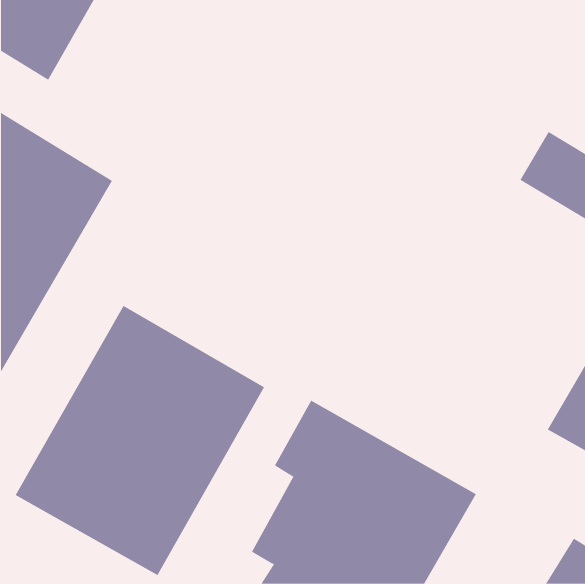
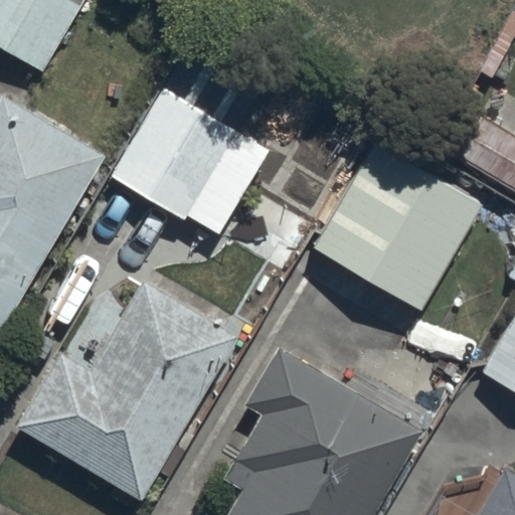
building: none -> [111,39,267,236]
building: none -> [313,145,481,311]

